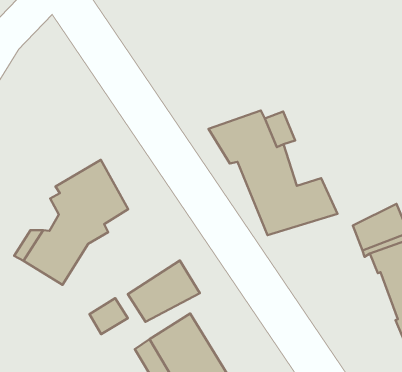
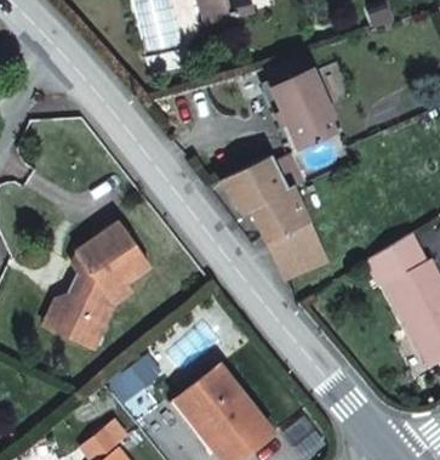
building: none -> [269,70,335,147]
building: [128,261,200,322] -> none

